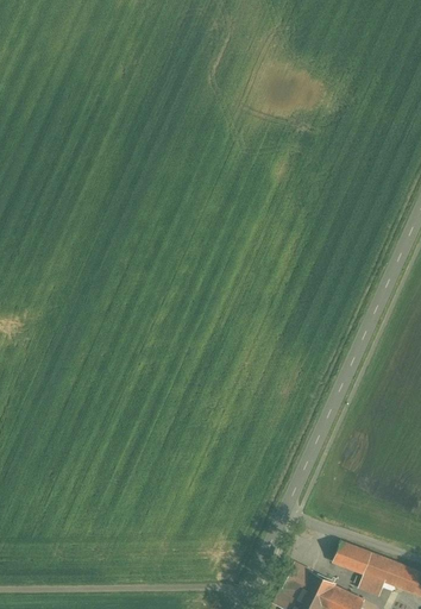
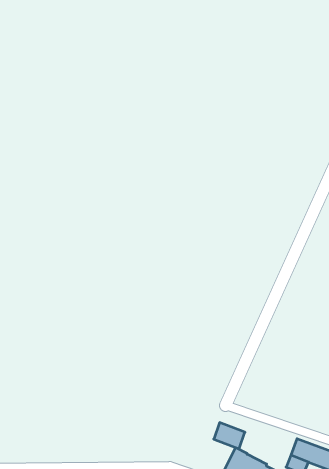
building: [333,544,371,576] -> [214,423,245,449]

